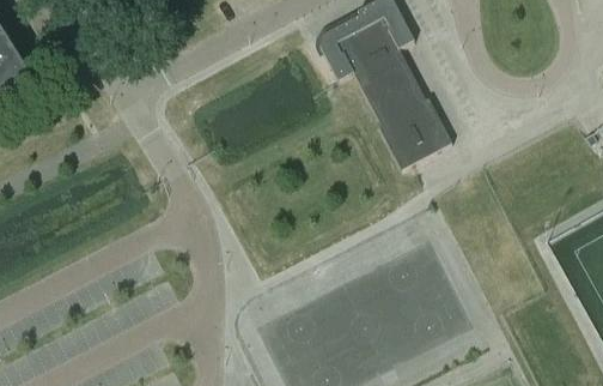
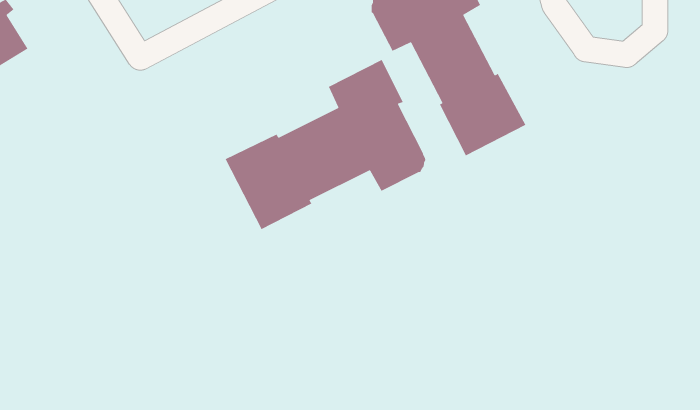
building: none -> [224,59,426,230]

